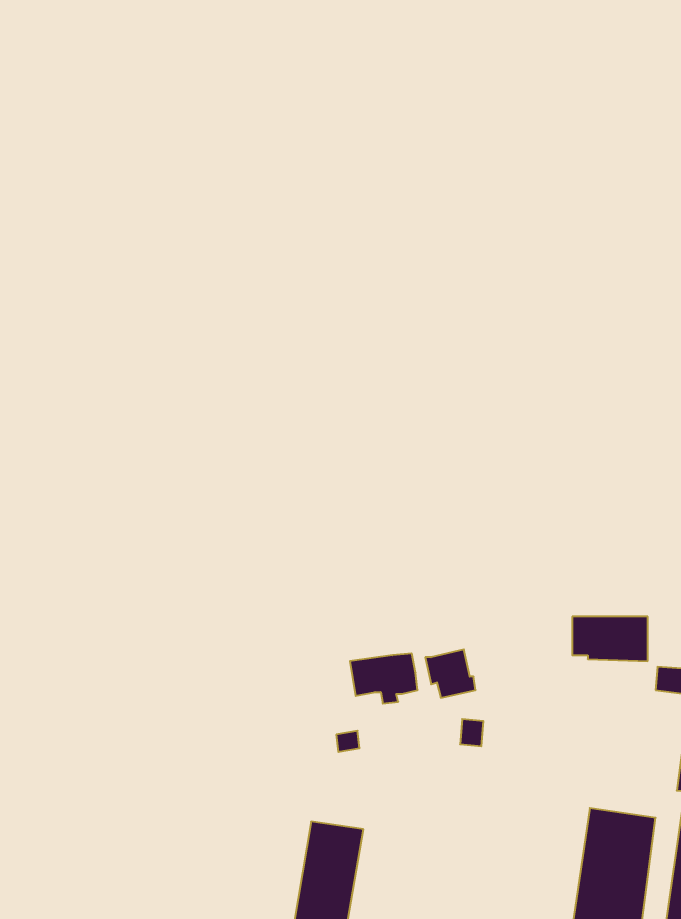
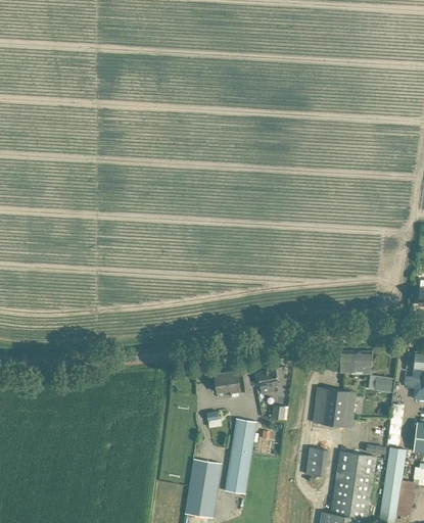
building: none -> [312,387,354,426]
building: none -> [224,418,255,493]
building: none -> [304,447,328,476]

